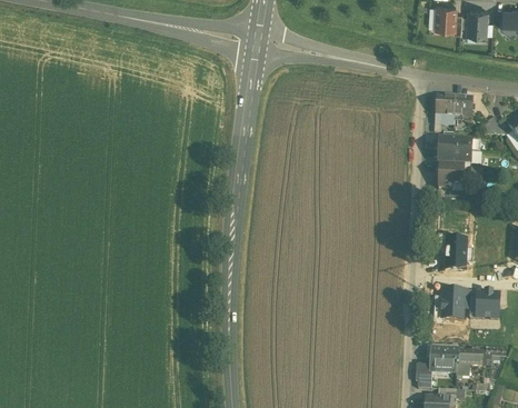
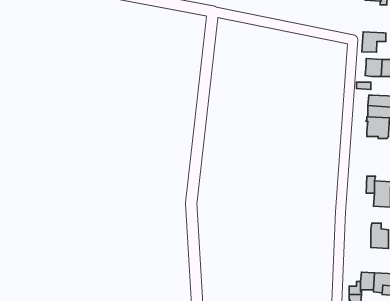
building: none -> [362,32,386,52]

